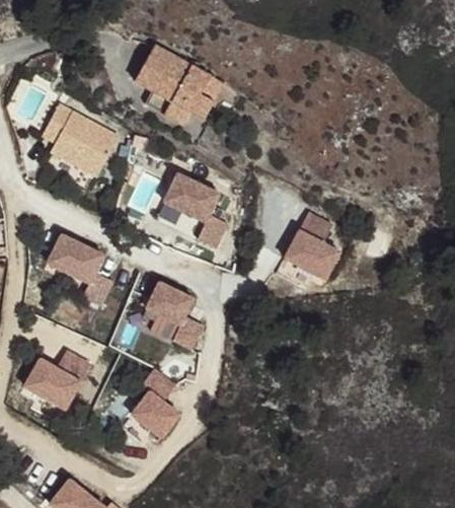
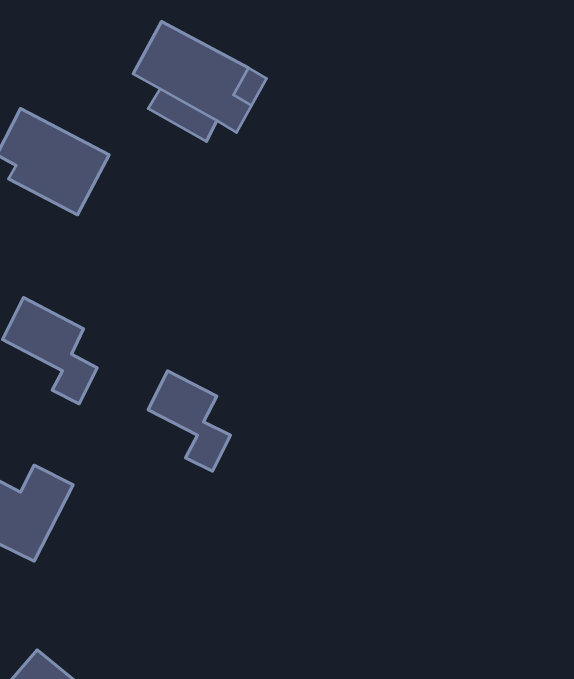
building: [163,174,227,249] -> none
building: [281,208,344,282] -> none
building: [125,367,181,439] -> none

